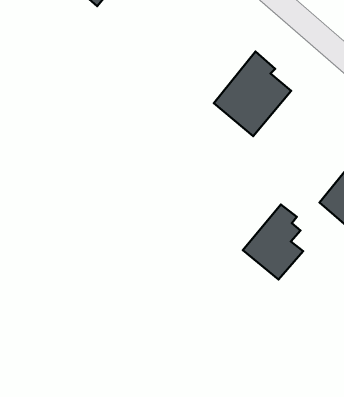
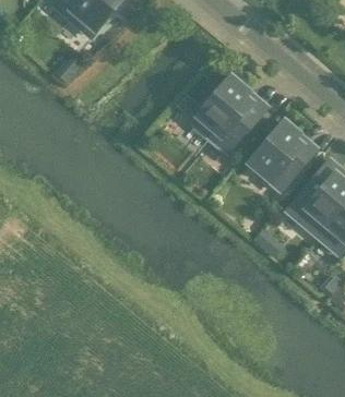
building: [243,205,303,279] -> [252,120,306,187]

